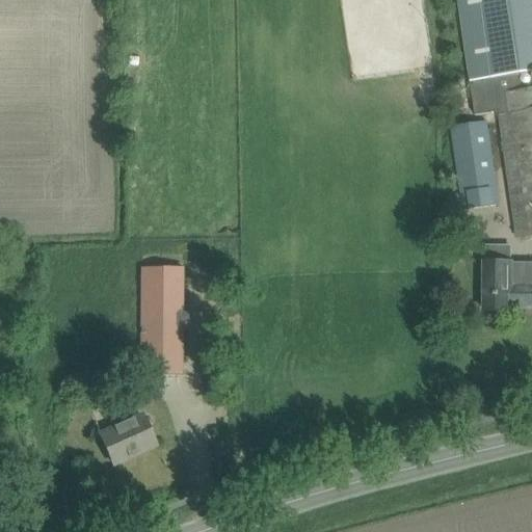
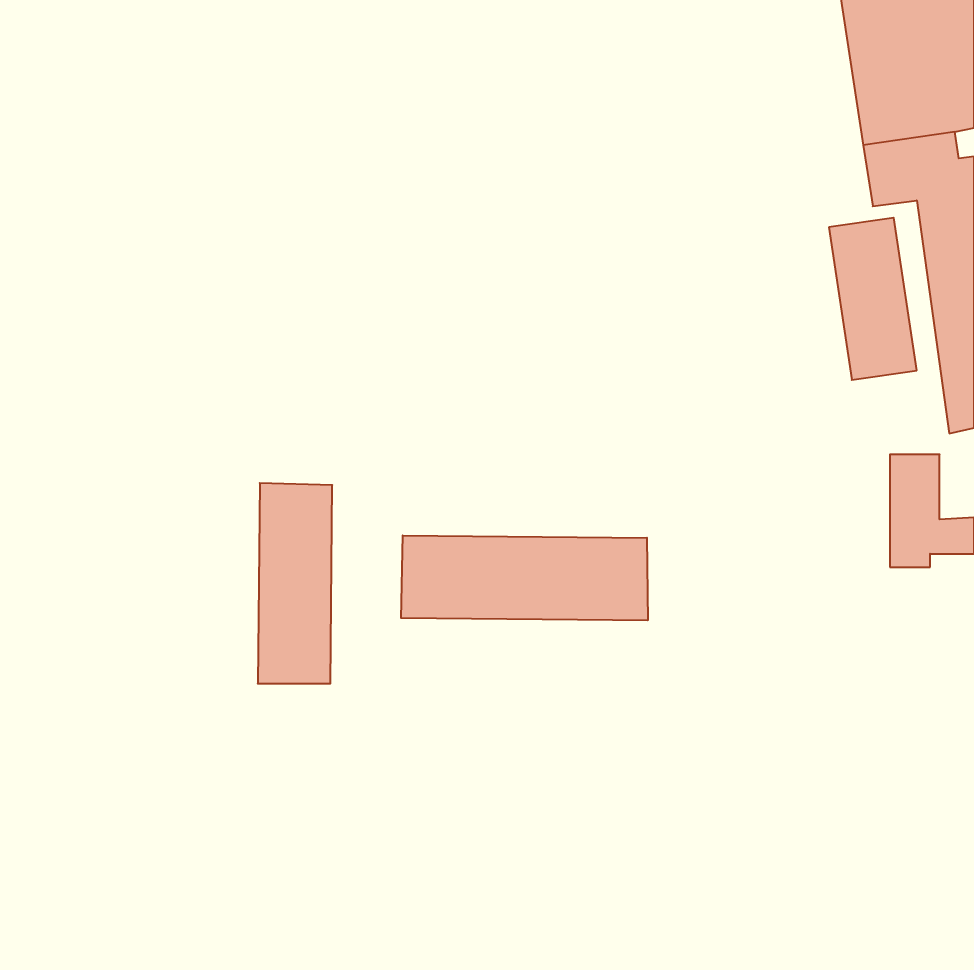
building: none -> [401,535,648,620]
building: [99,413,154,462] -> none

